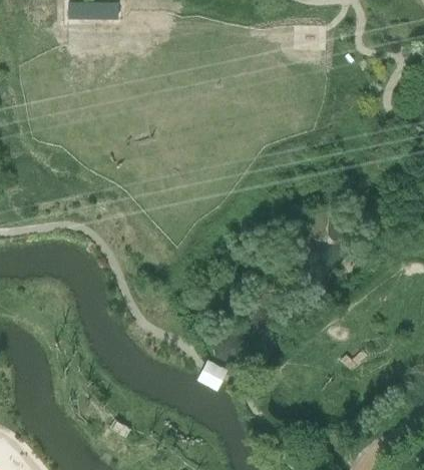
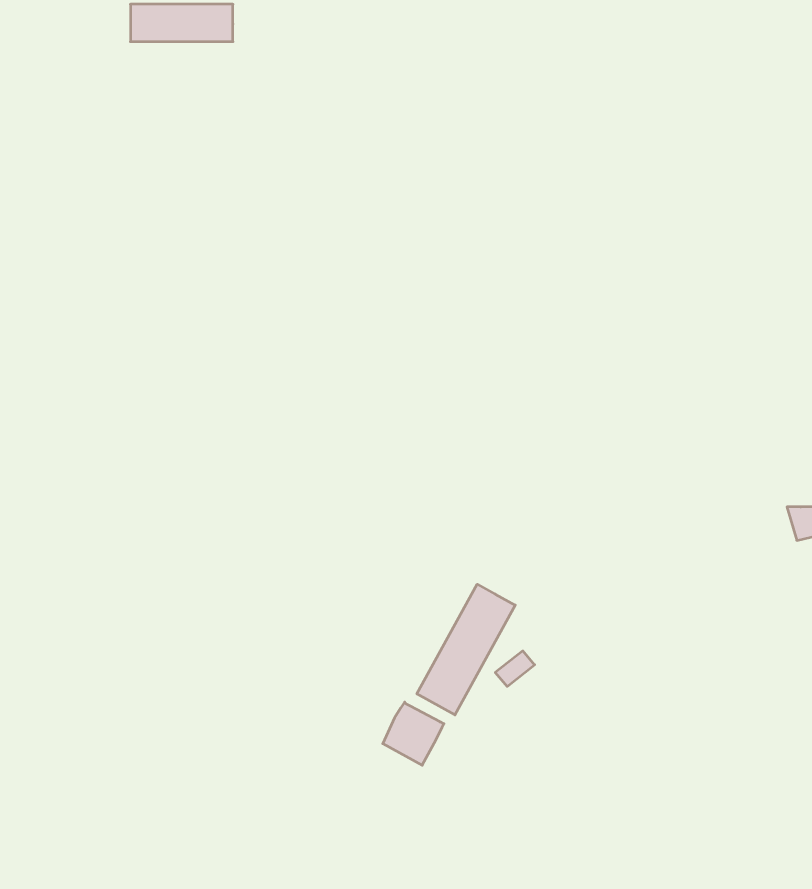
building: none -> [417,584,515,715]

